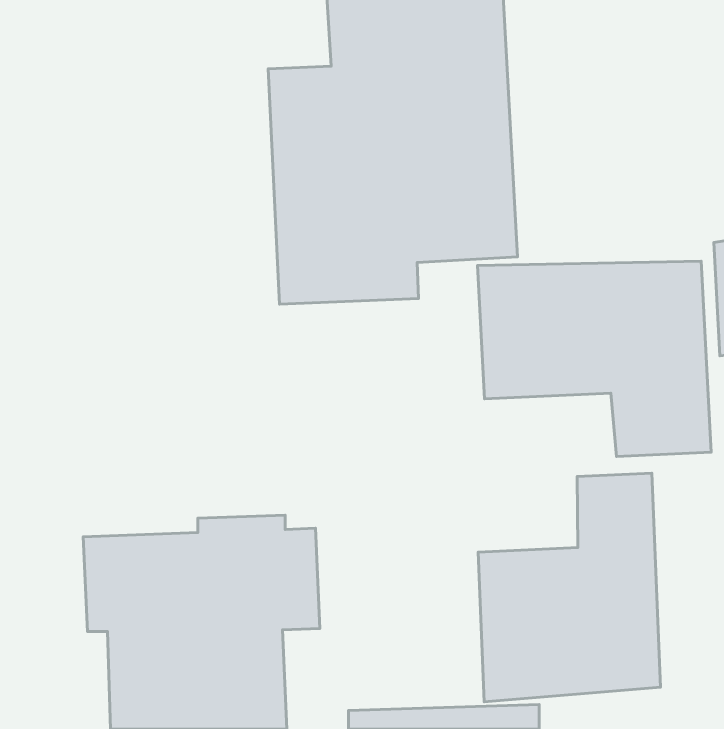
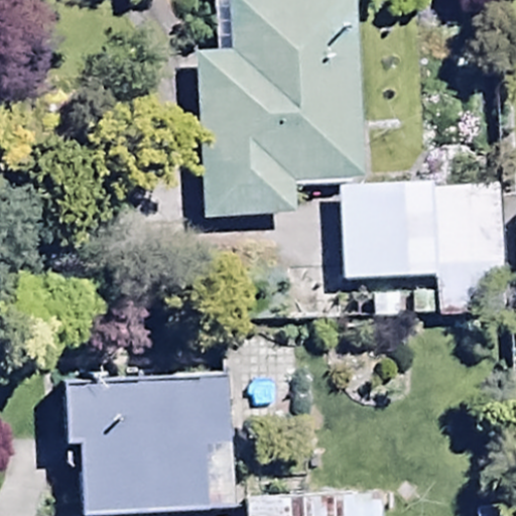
building: [478,473,660,702] -> none

